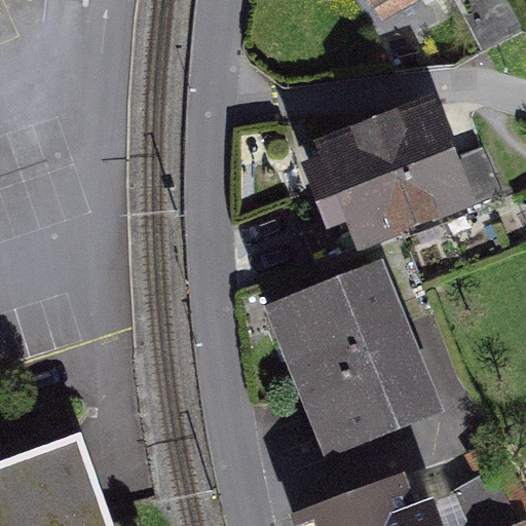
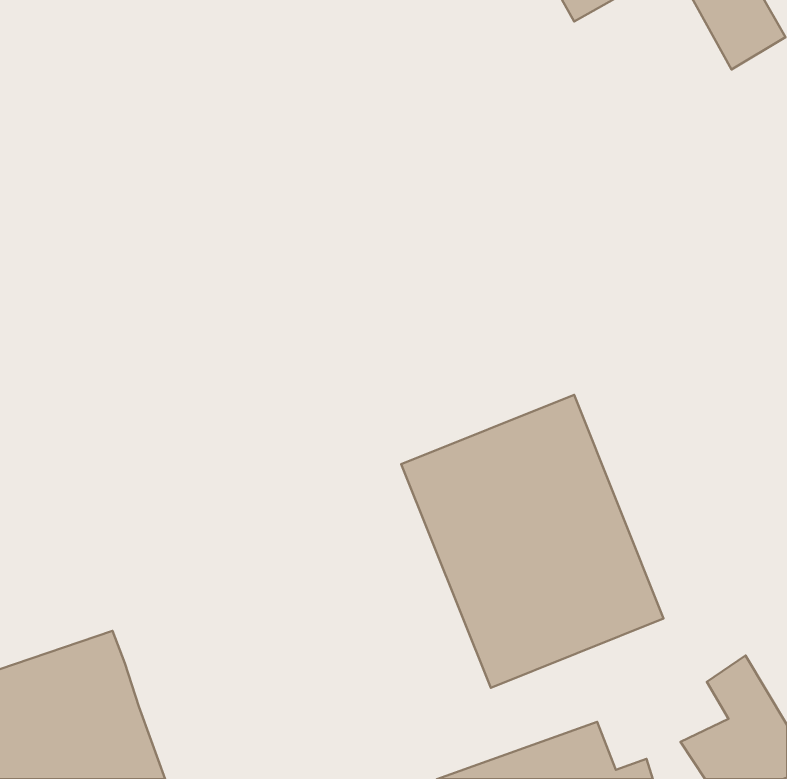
building: [293,100,497,254] -> none

